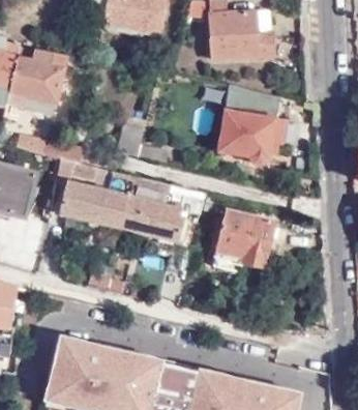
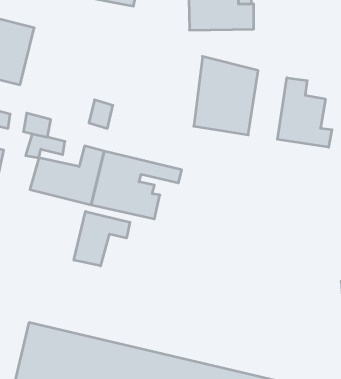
building: none -> [277,78,332,147]
building: [212,208,276,269] -> none
building: none -> [74,211,130,266]

